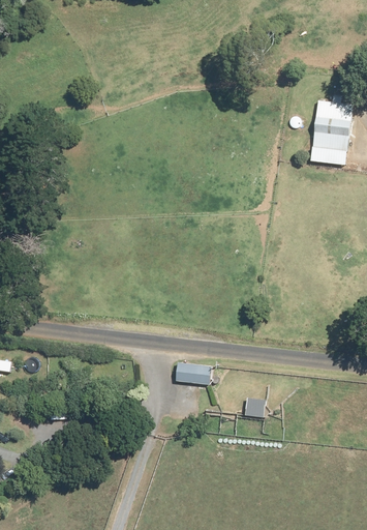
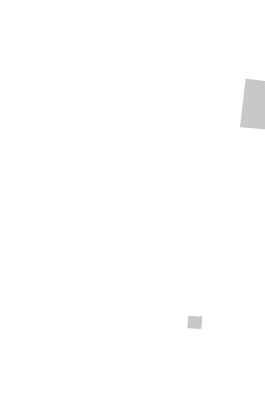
building: [175,362,212,384] -> none

